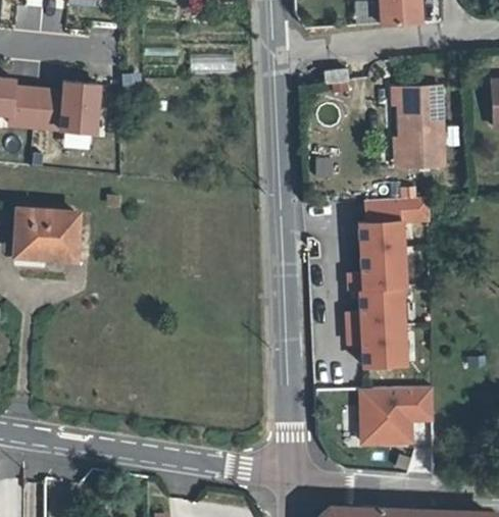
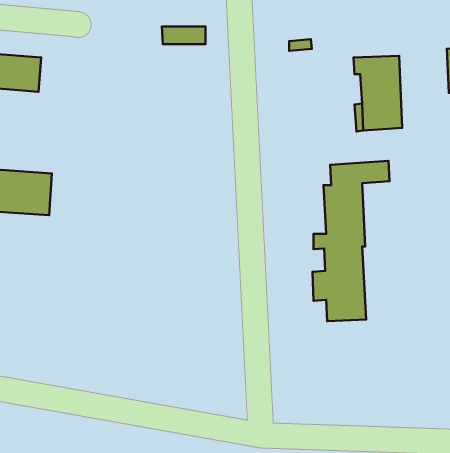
building: [61,80,99,140] -> none
building: [367,387,440,444] -> none

